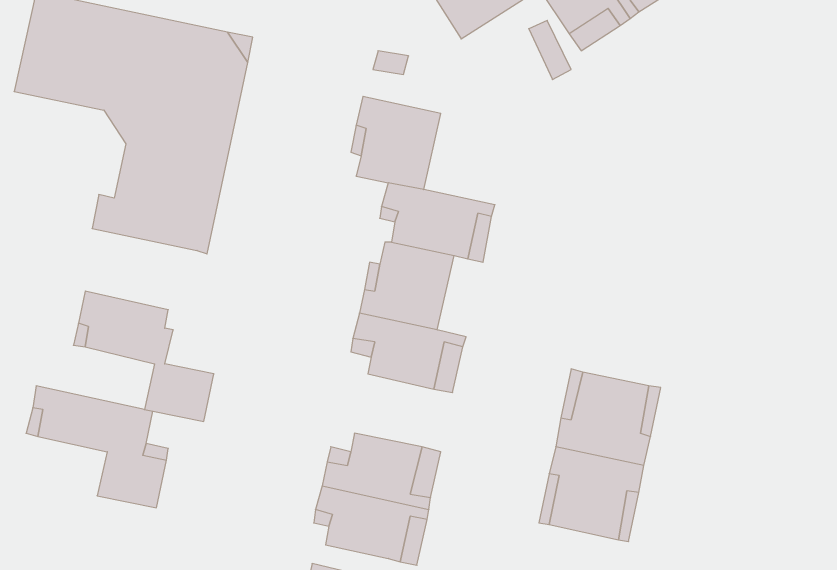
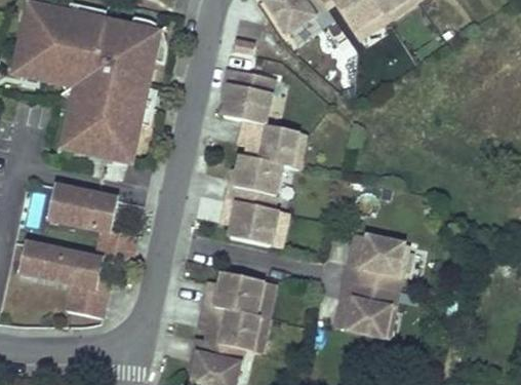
building: none -> [13,64,83,128]

